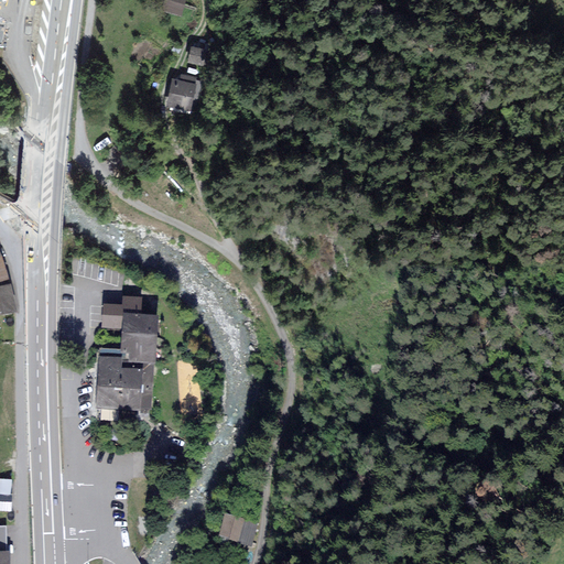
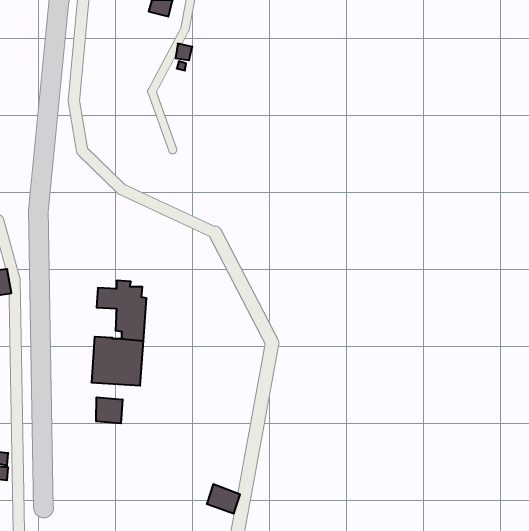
building: [165,74,196,111] -> none
building: none -> [96,397,123,423]

